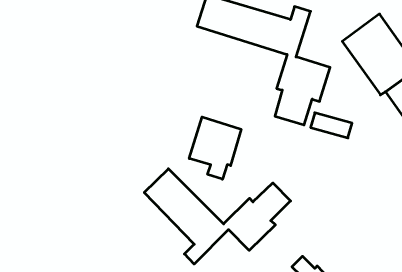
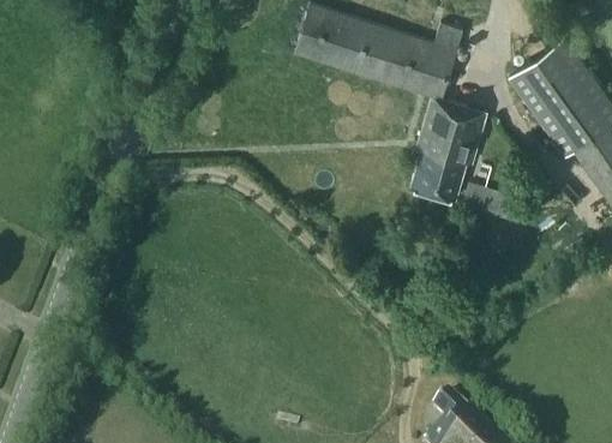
building: [189,117,241,179] -> none
building: [144,169,291,264] -> none

